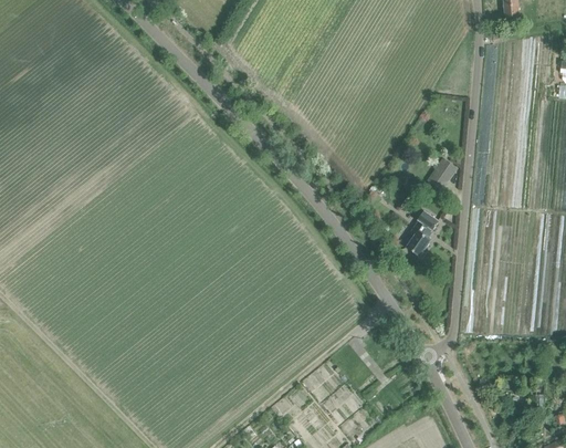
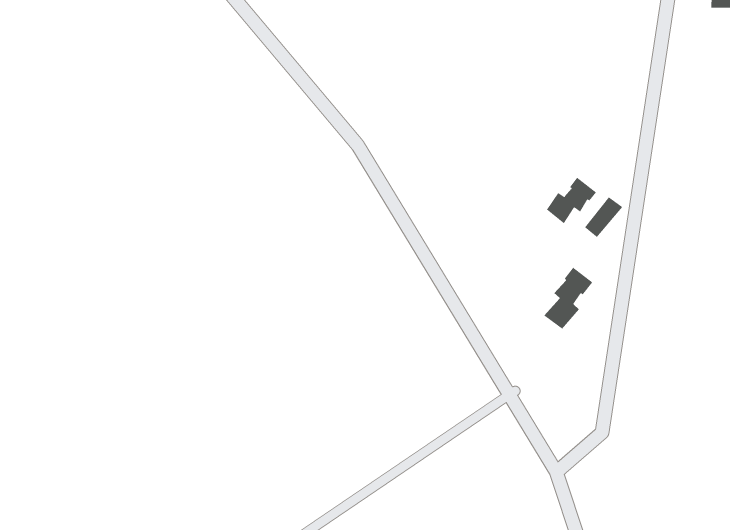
building: none -> [546,177,597,224]

